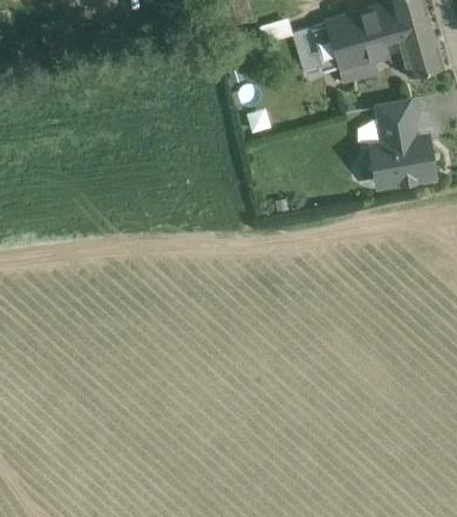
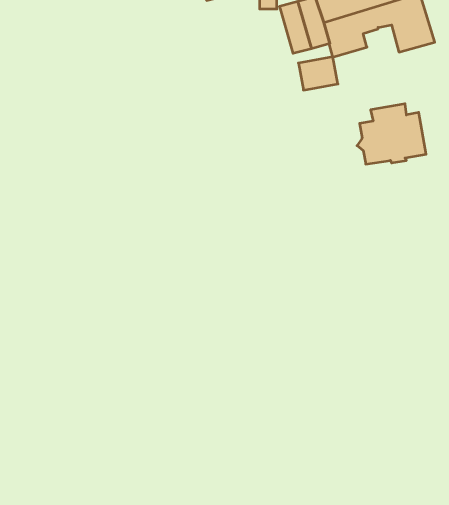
building: [376,100,414,133] -> [298,57,338,90]

